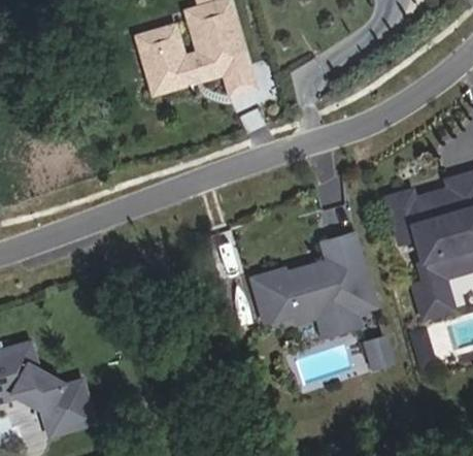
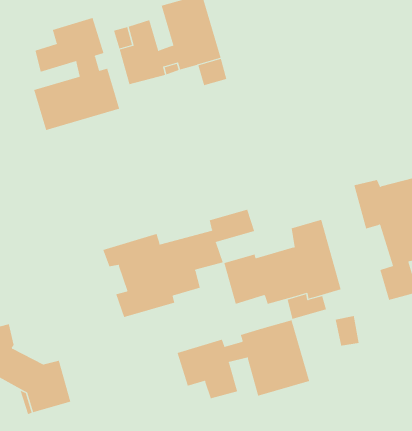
building: none -> [33,17,120,131]
building: none -> [103,209,255,318]
building: none -> [177,319,310,399]

